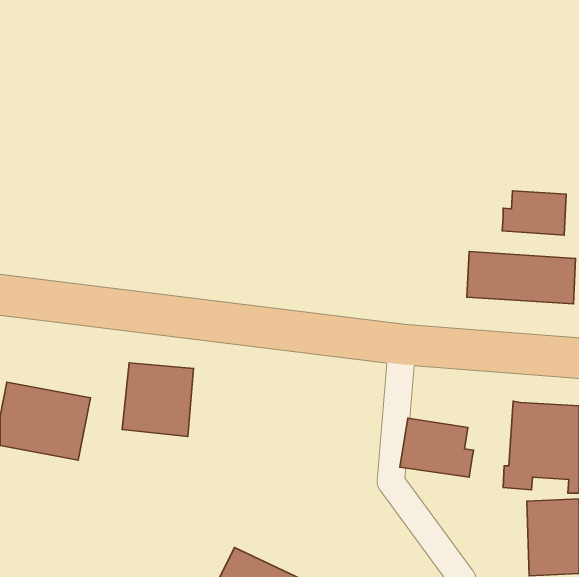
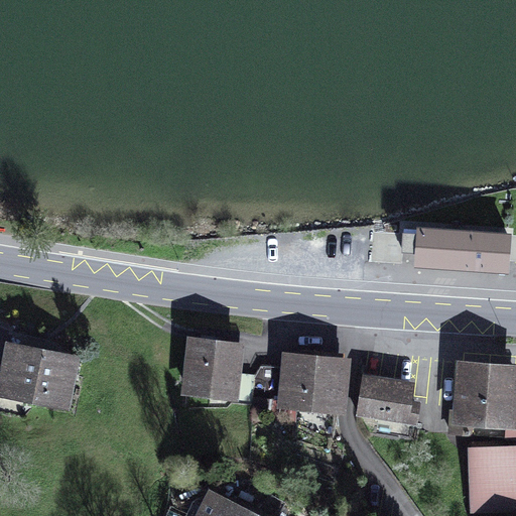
building: [502,191,566,235] -> none
building: [122,363,194,436] -> [181,337,245,402]
building: none -> [277,352,351,415]

